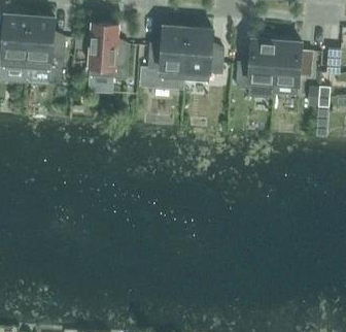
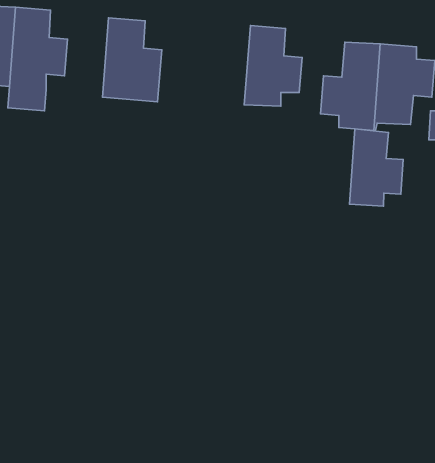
building: [148,26,188,81] -> none
building: none -> [349,129,403,206]

